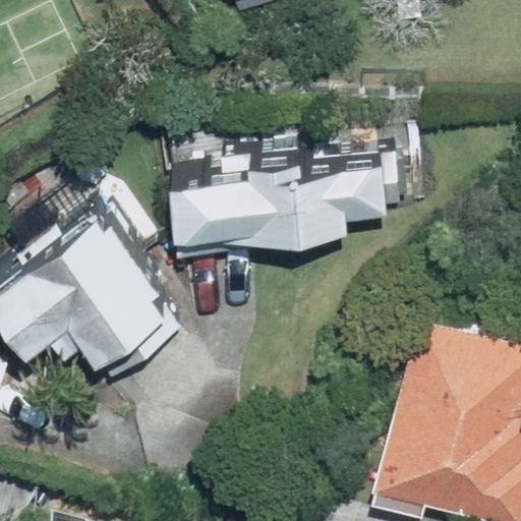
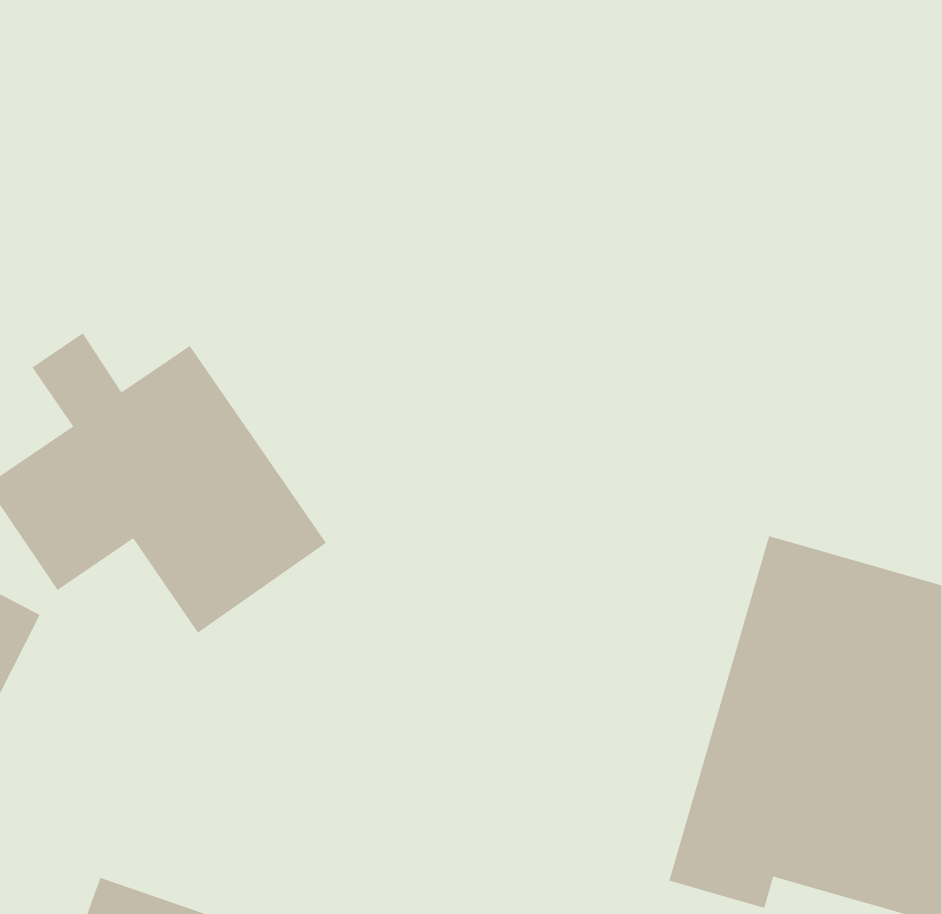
building: [179,132,401,251] -> none

